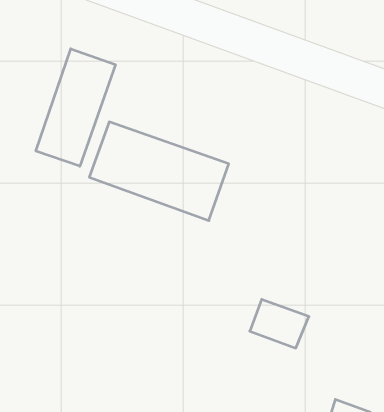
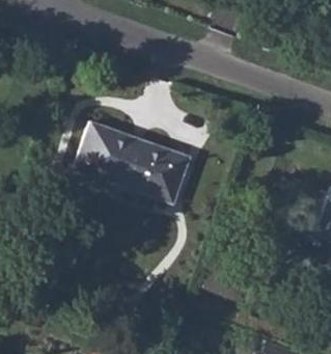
building: [36,49,115,166] -> none

